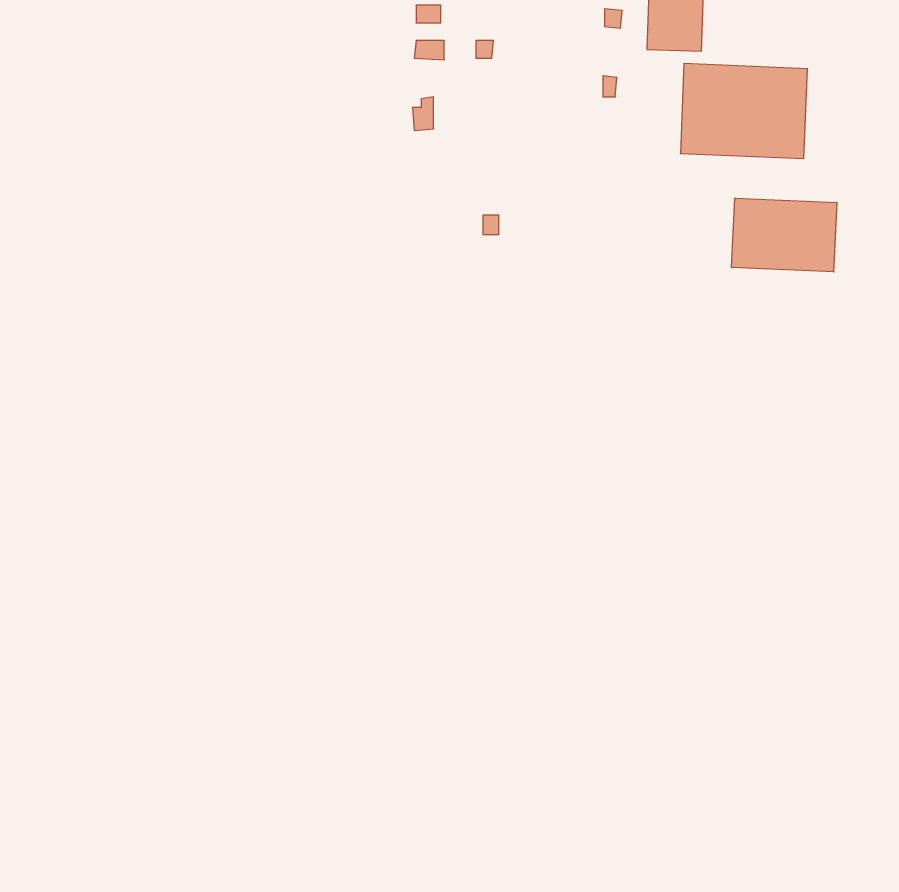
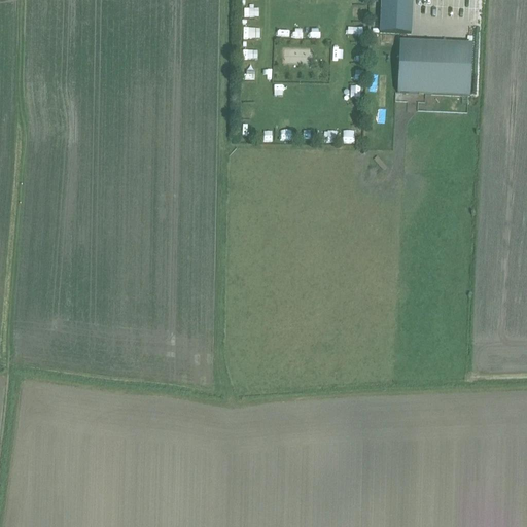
building: [732,198,837,272] -> none

